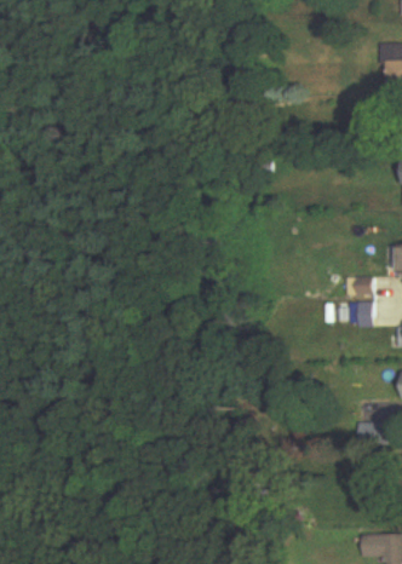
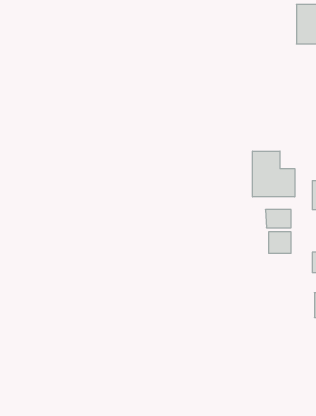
building: none -> [253,151,295,197]

